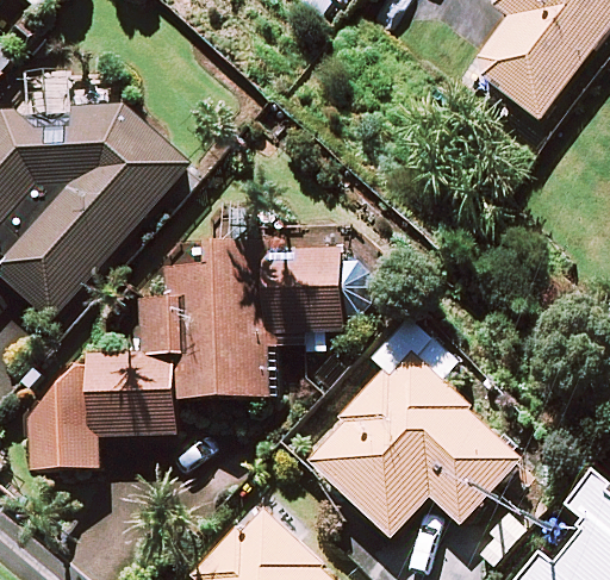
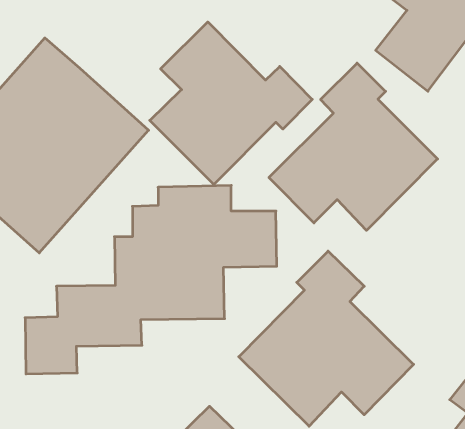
building: none -> [150,22,312,184]
building: none -> [269,63,438,230]

